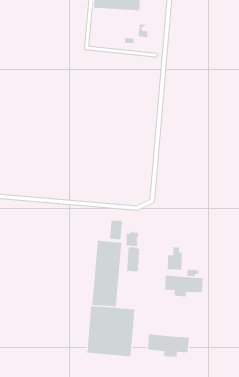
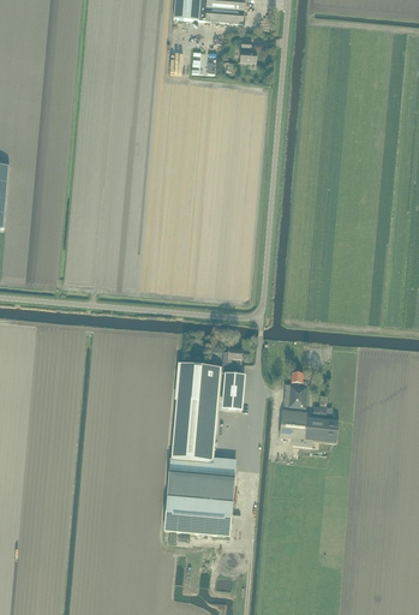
building: [109,220,123,240] -> none
building: [147,334,190,358] -> none

